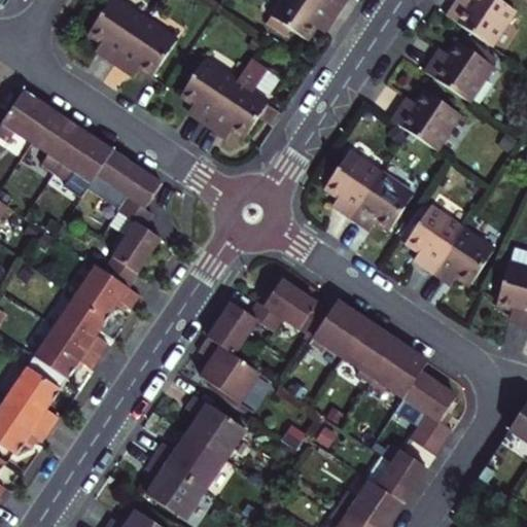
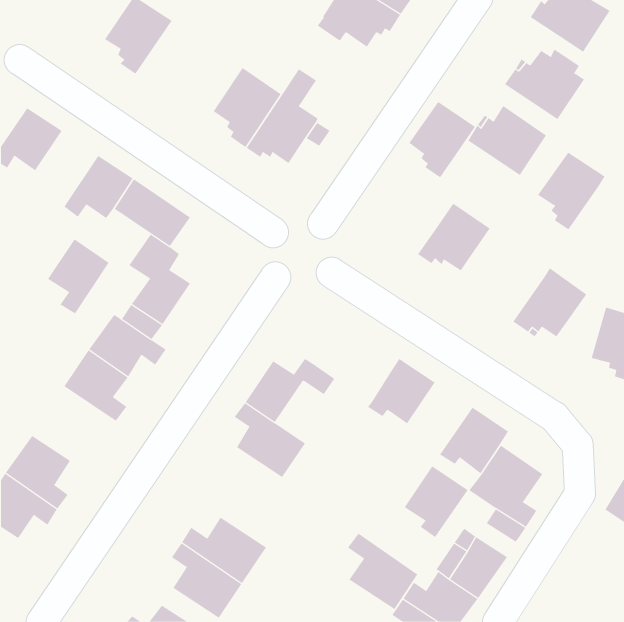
building: [115,17,177,76] -> none
building: [31,110,83,174] -> [47,238,110,314]
building: [325,149,382,214] -> [409,101,476,178]
building: [406,205,463,271] -> [537,152,606,230]
building: [264,280,329,339] -> none
building: [344,322,398,383] -> [404,466,469,538]
building: [34,325,99,379] -> none
building: [185,396,245,461] -> [347,533,418,610]

